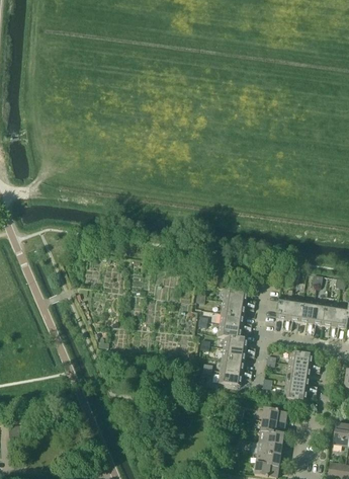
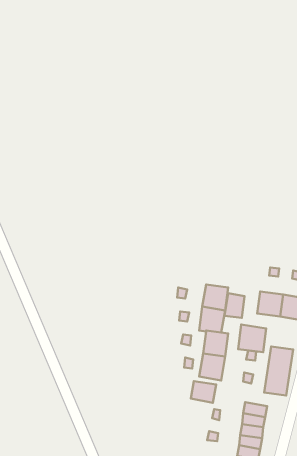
building: none -> [224,293,245,318]
building: none -> [238,324,266,352]
building: none -> [191,381,216,403]

